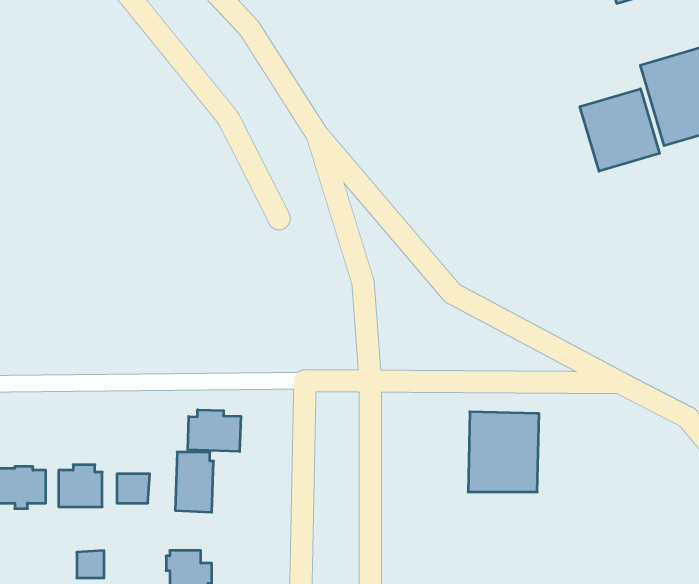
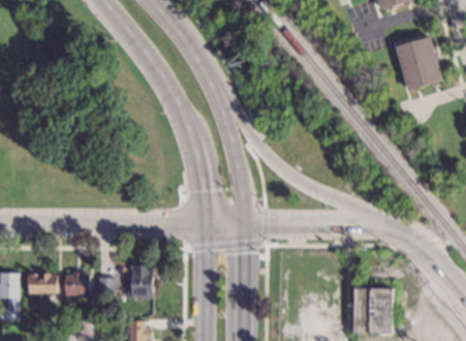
building: [580,89,660,171] -> none
building: [188,410,241,452] -> none
building: [468,412,539,492] -> [352,287,393,333]

